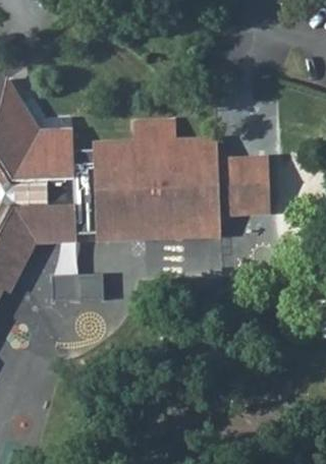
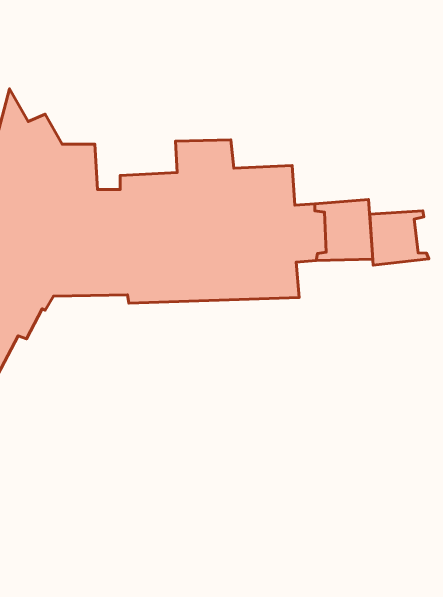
building: none -> [370,211,429,265]

